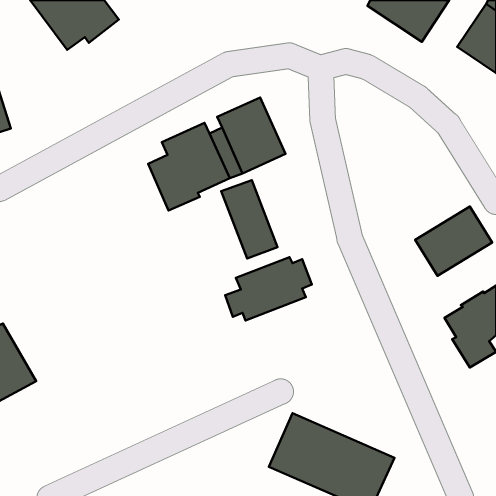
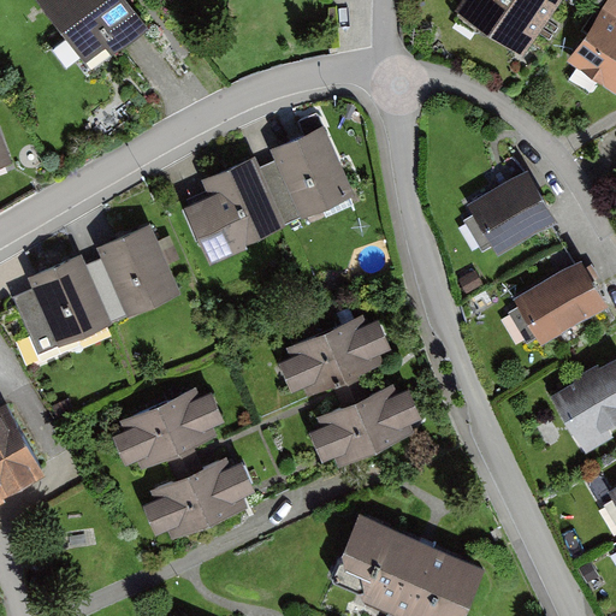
building: none -> [467,167,557,254]
building: [221,180,278,258] -> none
building: none -> [12,230,178,357]
building: none -> [116,389,223,468]
building: none -> [310,389,417,468]
building: none -> [140,461,248,540]

